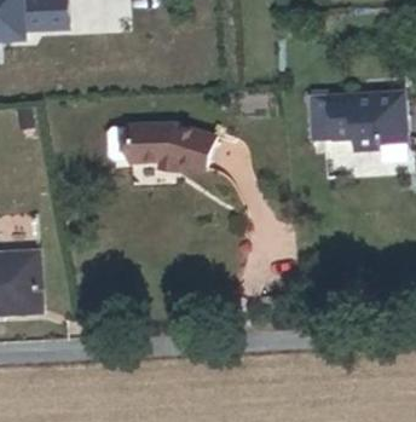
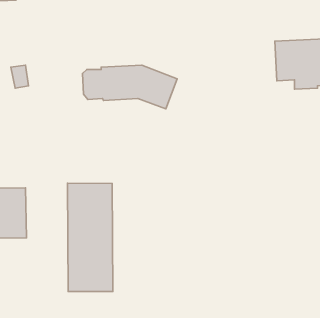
building: none -> [67,183,113,292]

